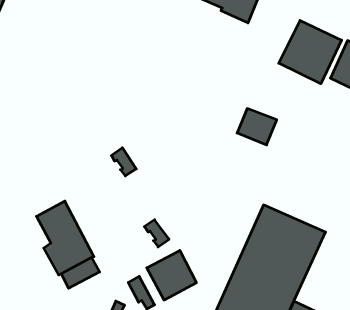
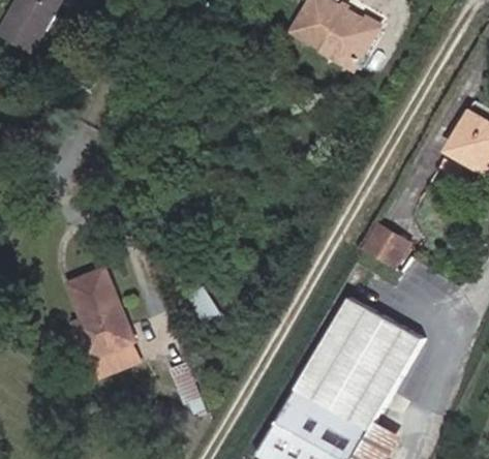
building: [279,20,342,84] -> none
building: [237,109,277,145] -> [363,218,414,266]
building: [147,250,196,300] -> none

